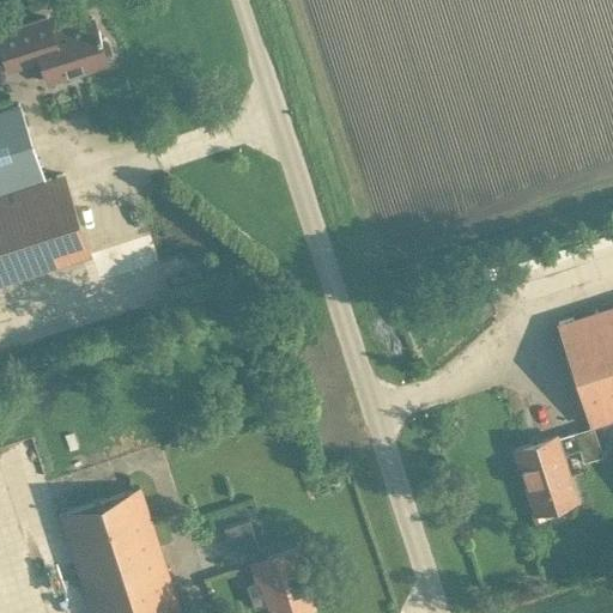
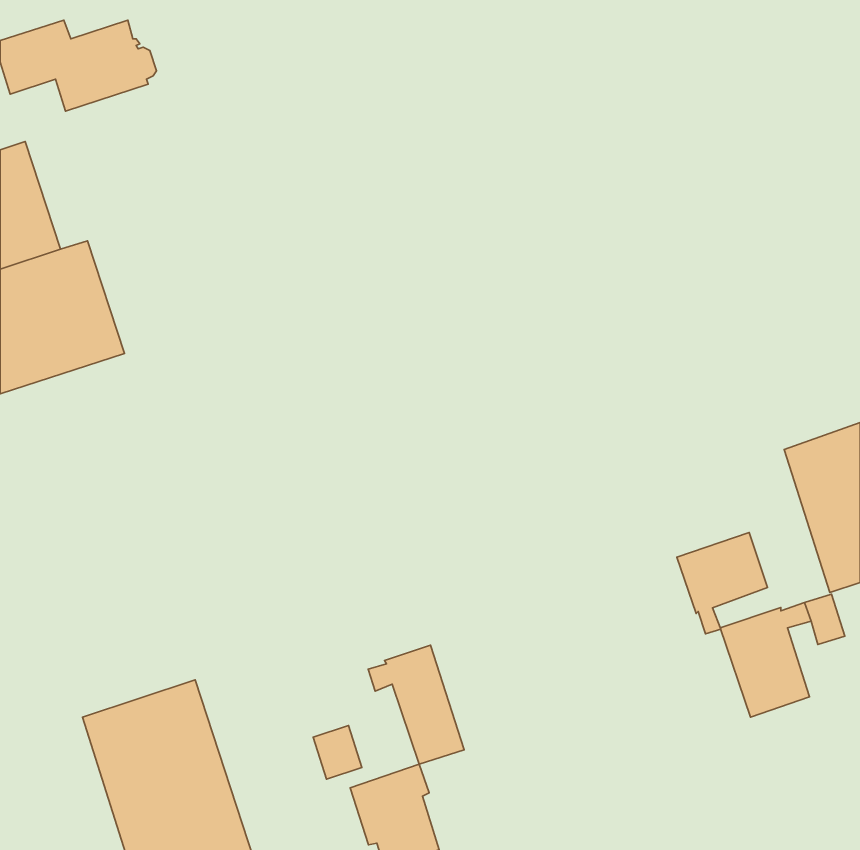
building: none -> [677,532,768,634]
building: none -> [368,645,464,764]

